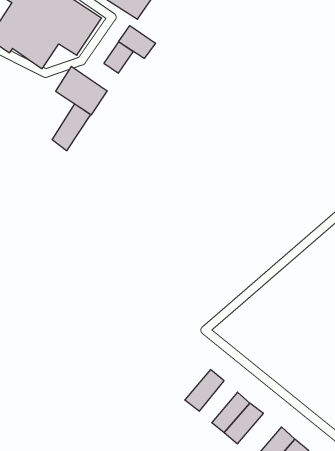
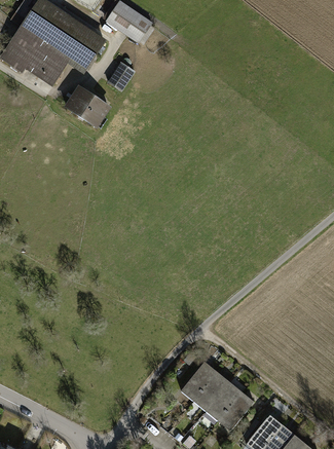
building: [119,26,156,58] -> none
building: [52,104,91,151] -> none
building: none -> [195,373,230,411]

